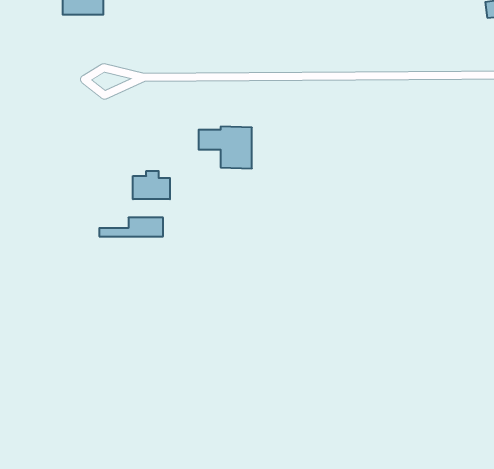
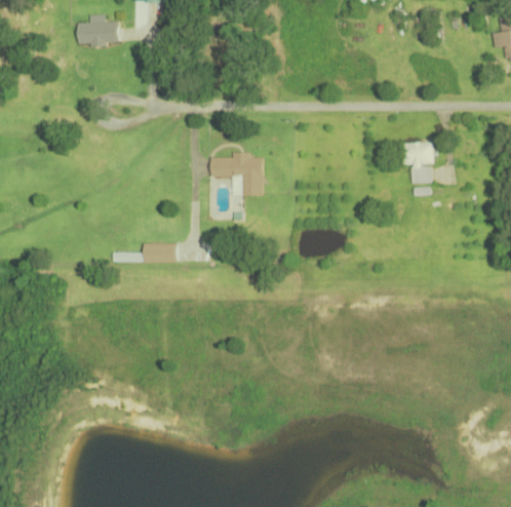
building: none -> [402,143,433,183]
building: [133,171,170,199] -> none

